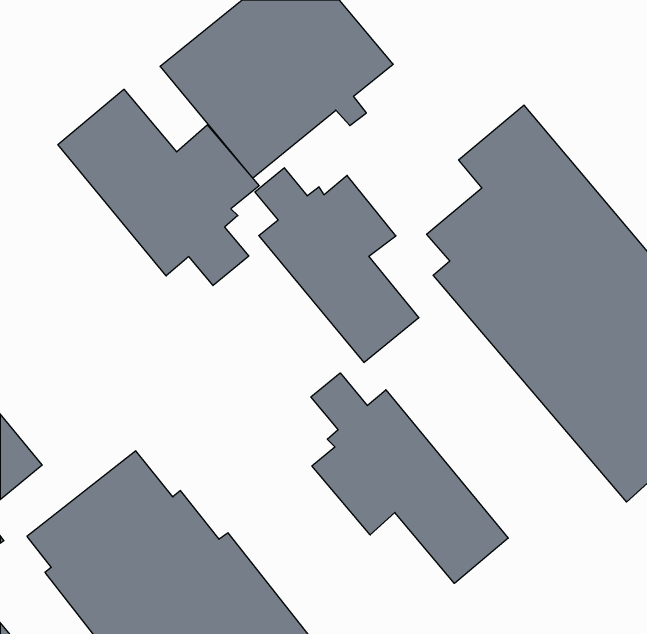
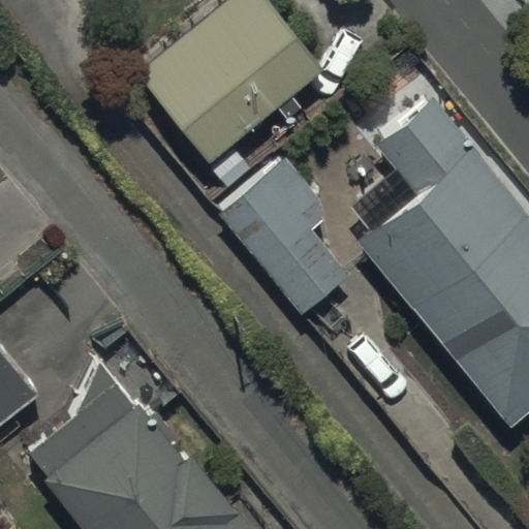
building: [58,89,259,286] -> none
building: [311,373,508,583] -> none

